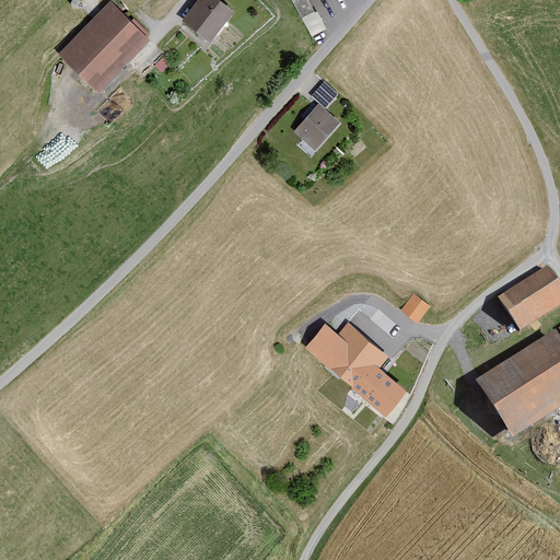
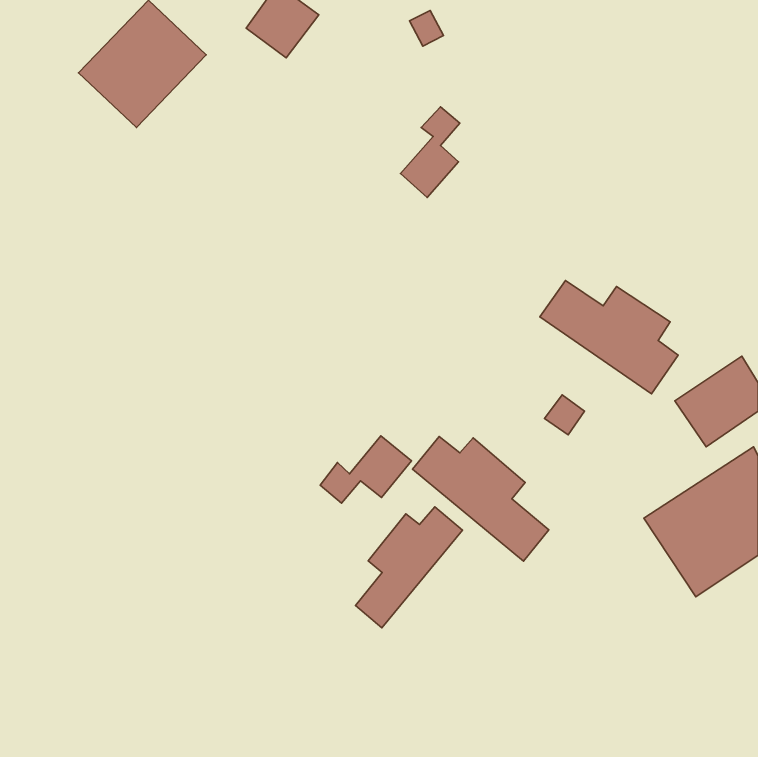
building: none -> [540,280,678,394]
building: none -> [320,436,412,503]
building: none -> [355,507,463,628]

